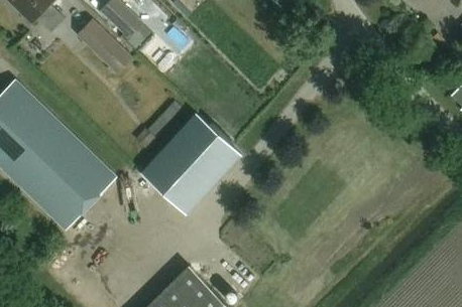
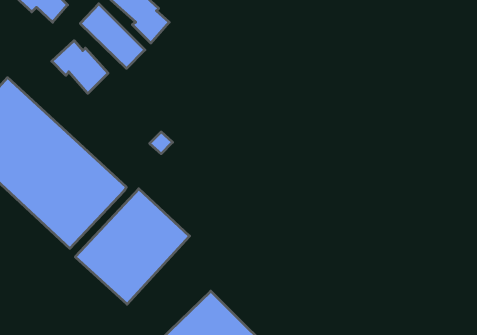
building: none -> [52,41,108,93]
building: [141,115,241,215] -> [75,189,190,304]

